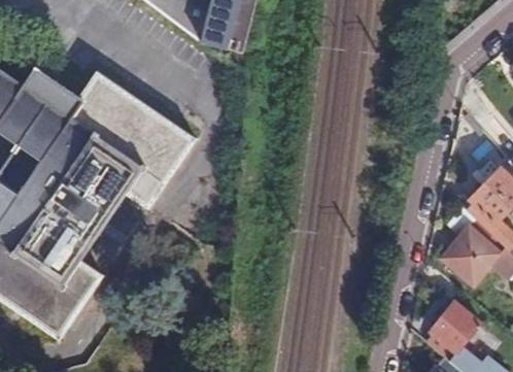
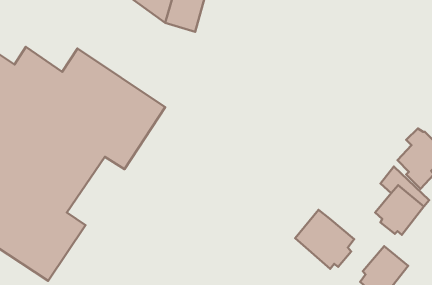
building: none -> [295,210,354,269]

